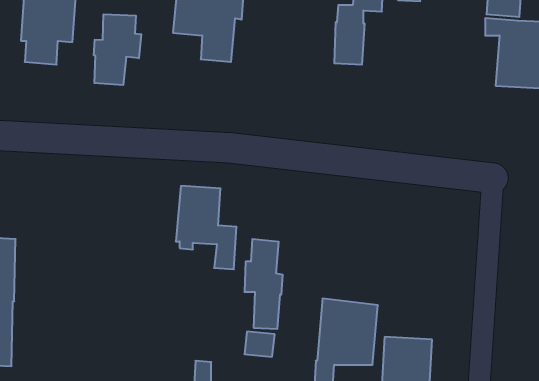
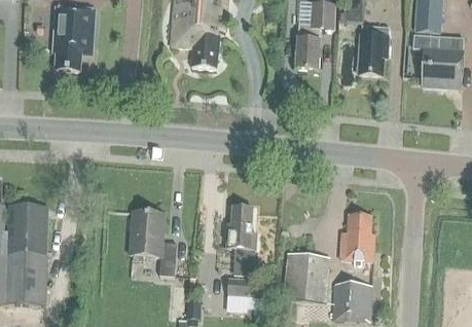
building: none -> [357,25,388,75]
building: [94,14,141,85] -> none
building: [176,186,237,269] -> [129,211,176,276]
building: none -> [339,213,374,260]

